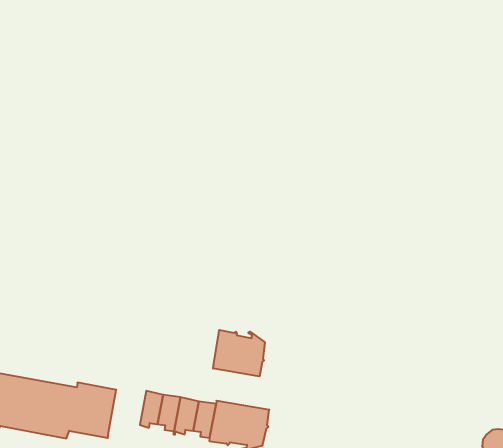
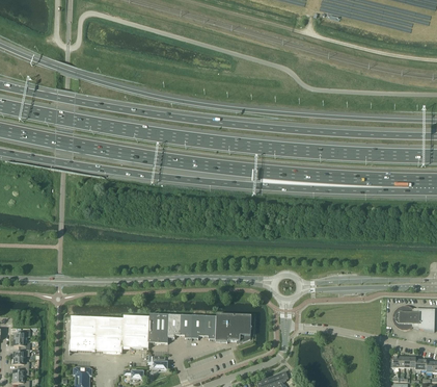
building: [213,330,265,376] -> none
building: none -> [148,313,169,342]

